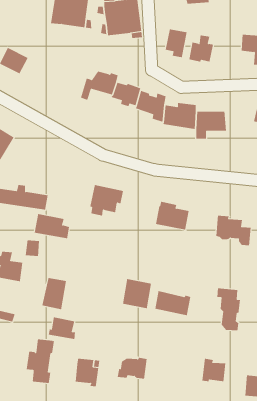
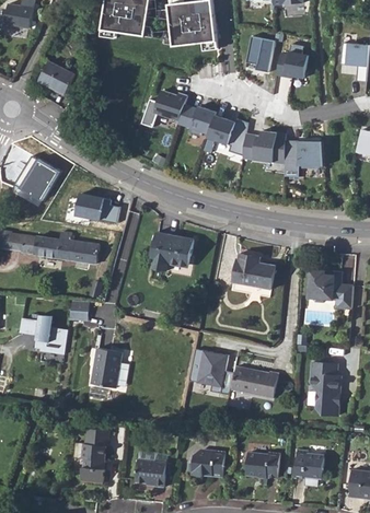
building: [34,214,70,239] -> [72,191,117,223]
building: [48,317,75,340] -> none
building: none -> [243,450,278,475]

